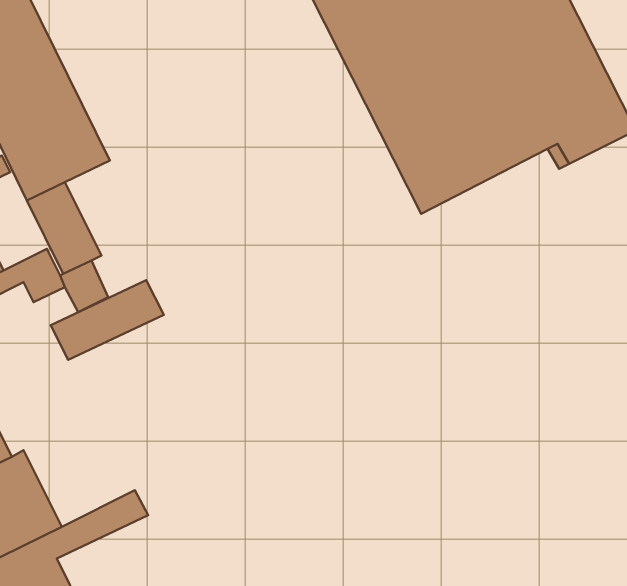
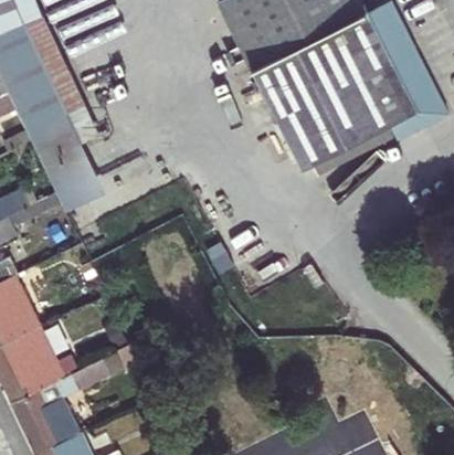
building: [51,280,164,360] -> none

